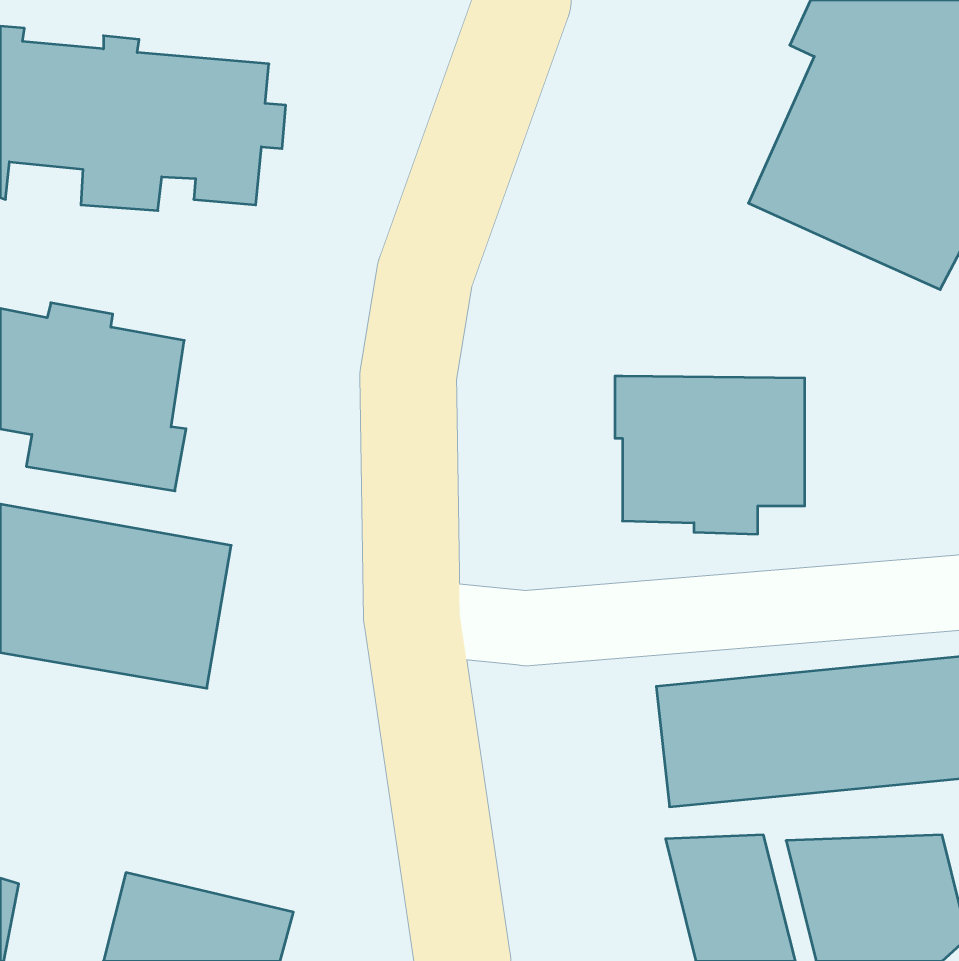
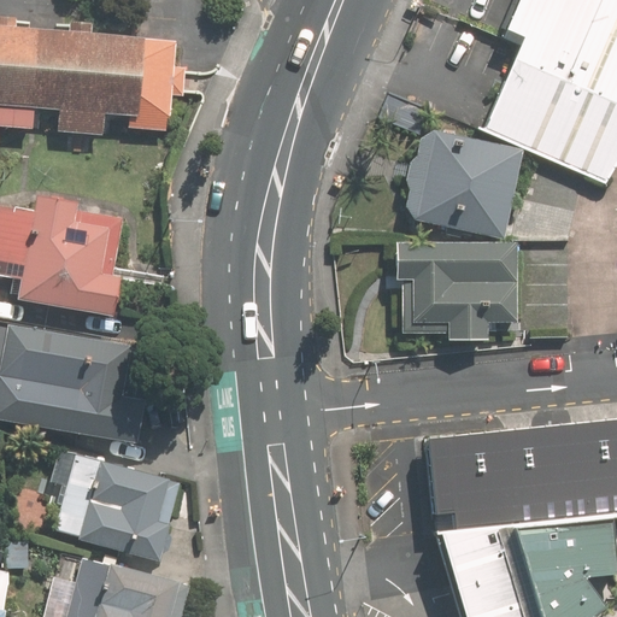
building: none -> [412,130,521,239]
building: none -> [52,453,178,559]

